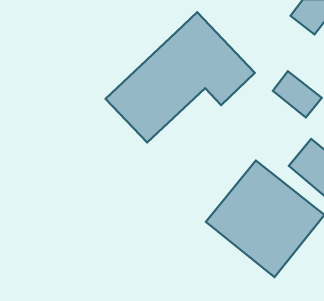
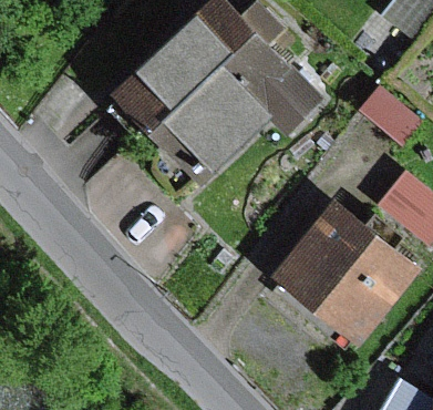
building: none -> [115,7,236,124]

